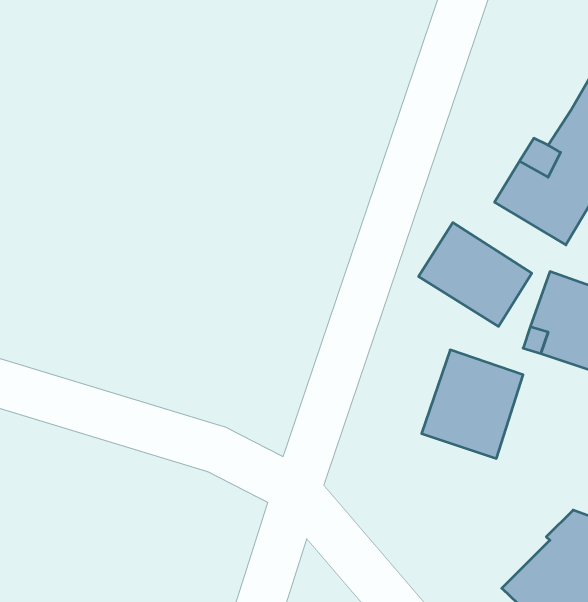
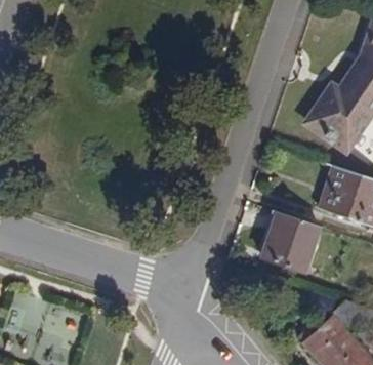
building: [419,223,532,326] -> none

